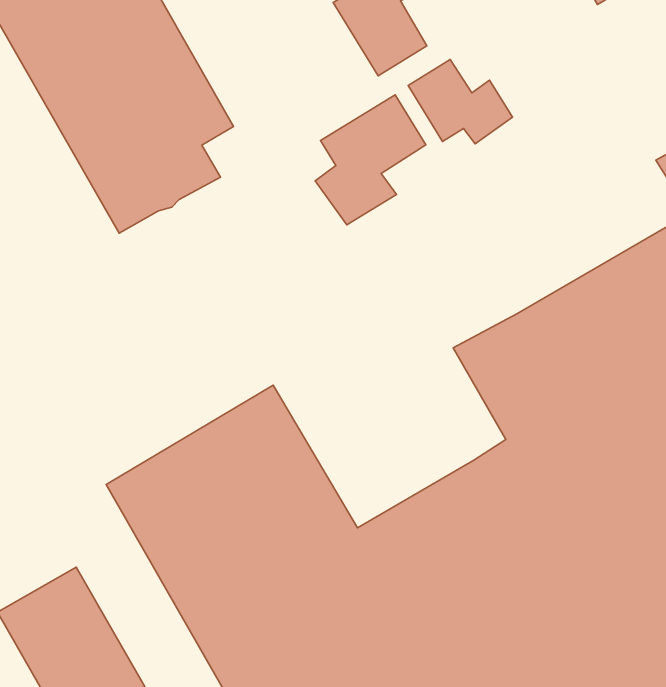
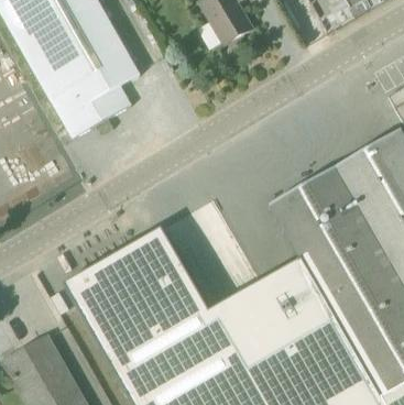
building: [408,60,512,144] -> none
building: [315,95,426,225] -> none

